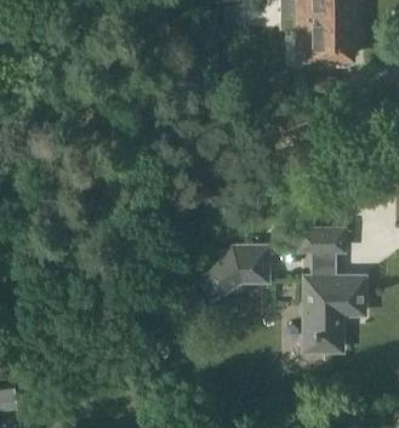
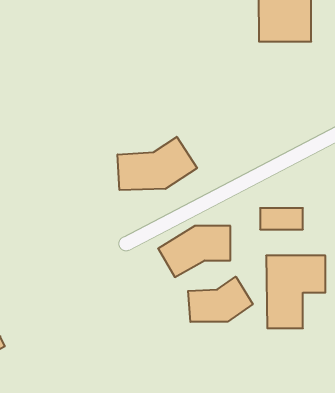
building: none -> [118,137,197,190]
building: none -> [188,277,253,322]

